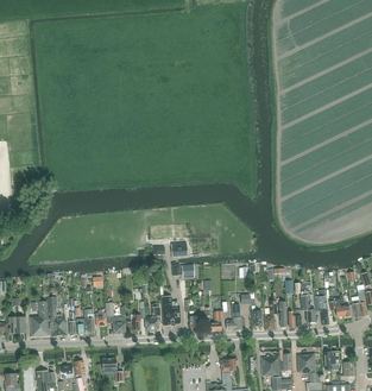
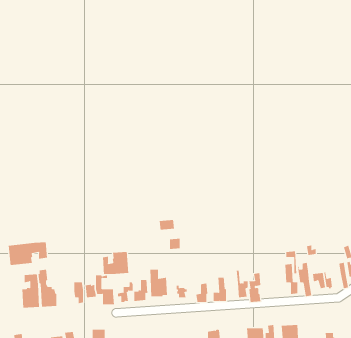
building: none -> [8,242,47,266]
building: none -> [102,251,129,275]

